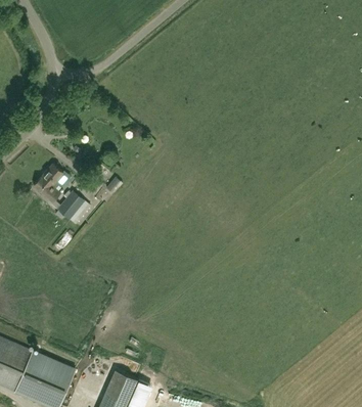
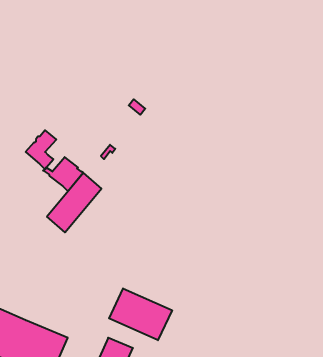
building: none -> [47,173,101,232]
building: none -> [109,288,172,340]

